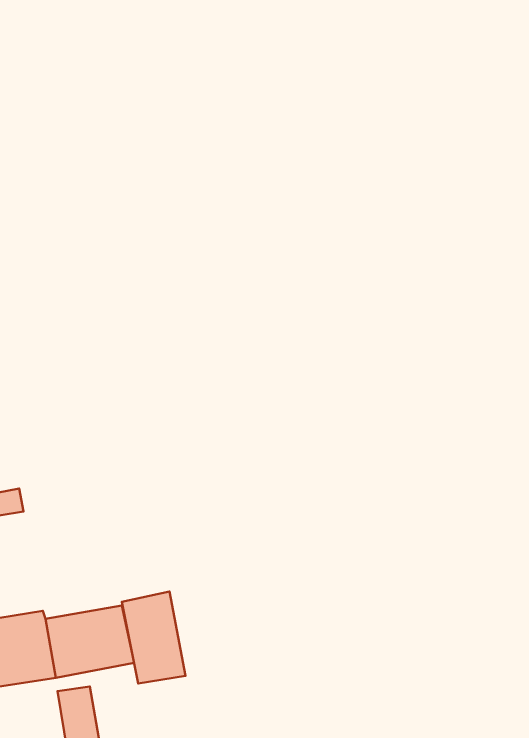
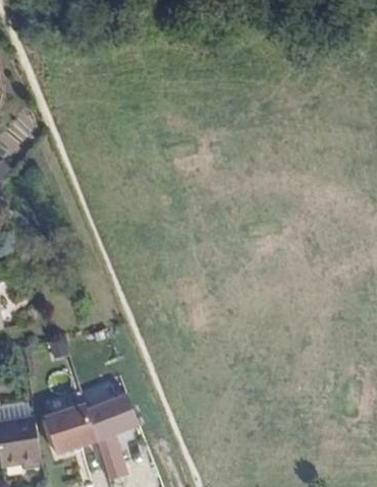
building: [122,592,185,684] -> none

